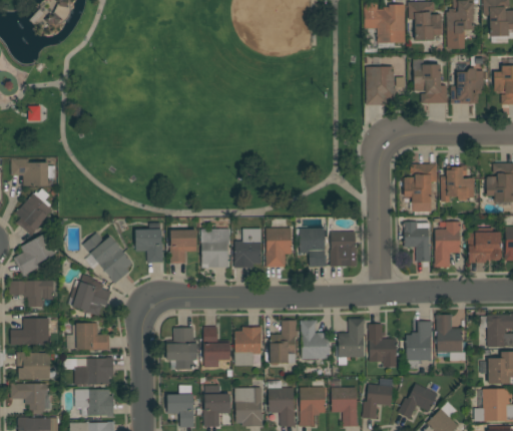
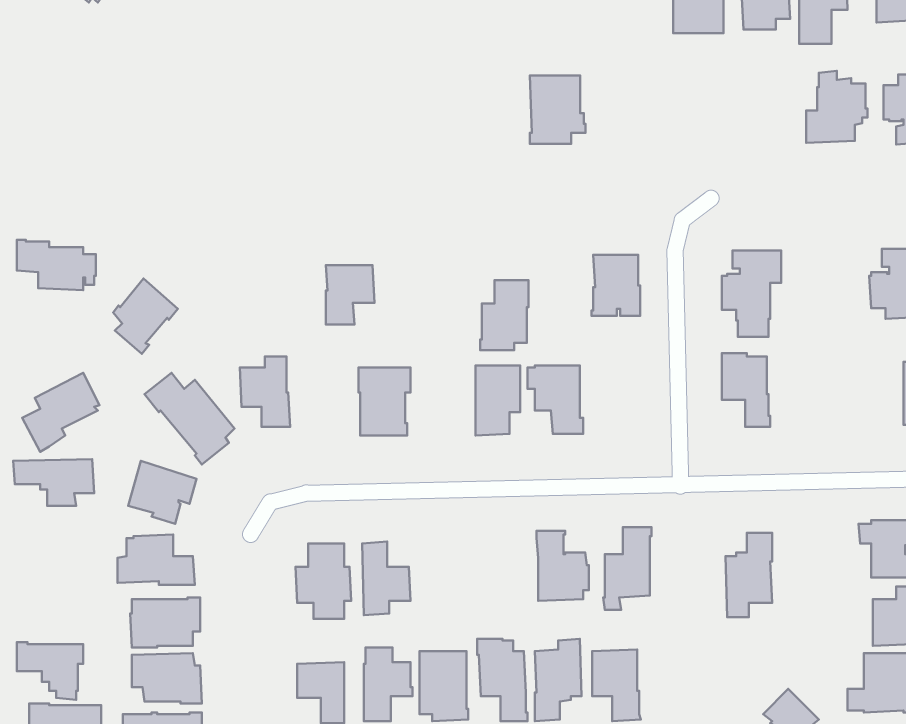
building: [413,59,448,103] -> none
building: [366,67,397,105] -> [530,75,586,144]
building: [441,165,474,201] -> none
building: [16,193,52,236] -> [113,278,178,354]
building: [434,222,461,268] -> none
building: [234,229,262,268] -> [480,280,529,350]
building: [170,231,197,264] -> [326,265,374,325]
building: [330,233,357,267] -> [592,255,640,316]
building: [469,233,501,264] -> none
building: [436,315,466,361] -> none
building: [11,319,49,346] -> none
building: [270,321,298,366] -> none
building: [368,324,399,367] -> none
building: [234,327,262,366] -> none
building: [17,352,50,380] -> none
building: [362,379,394,420] -> none
building: [397,384,437,419] -> none

